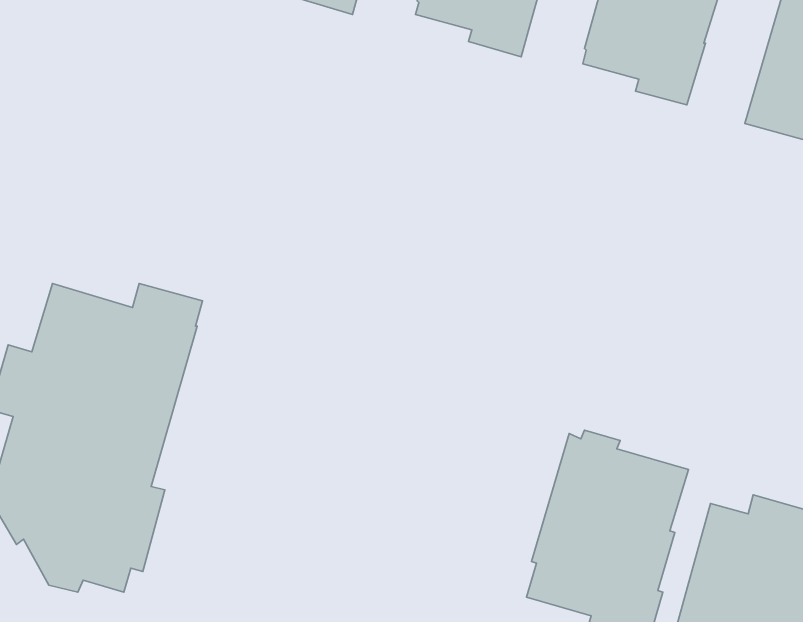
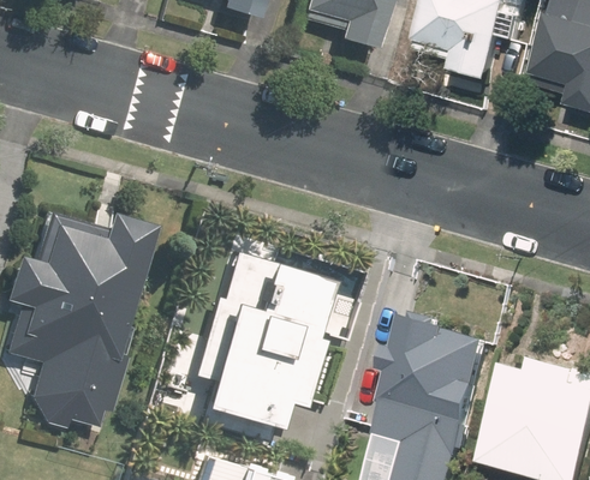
building: none -> [195,250,329,442]

